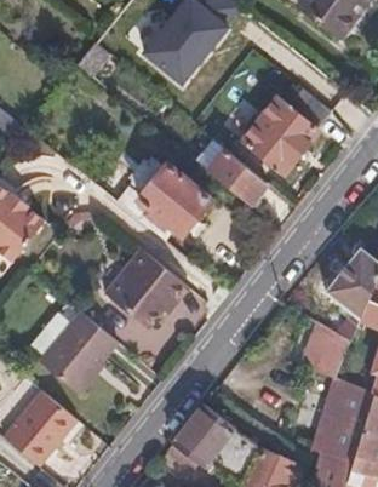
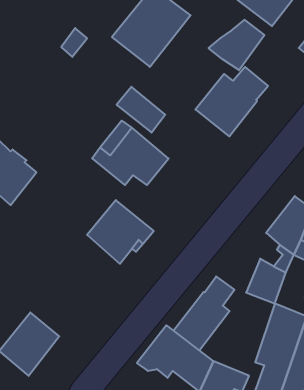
building: none -> [209,20,264,70]
building: [205,148,264,204] -> [117,87,165,133]
building: [39,311,115,393] -> none
building: none -> [174,276,234,351]

